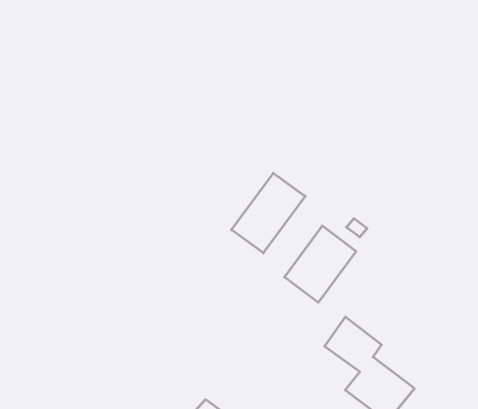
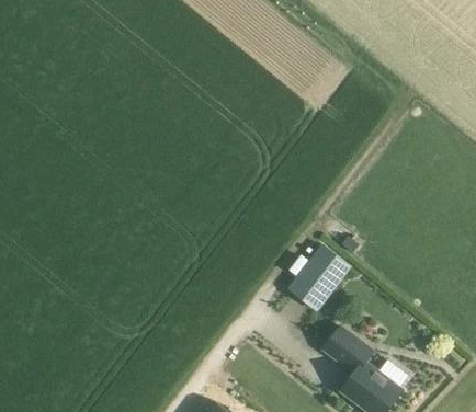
building: [231,173,305,253] -> none

